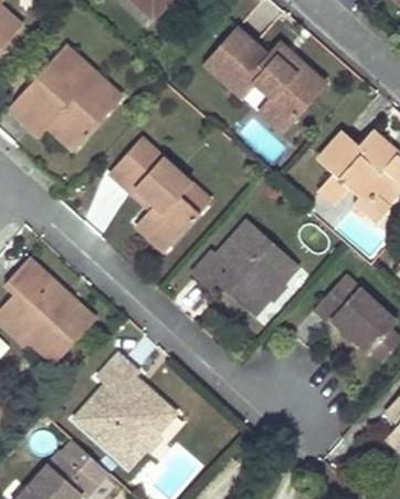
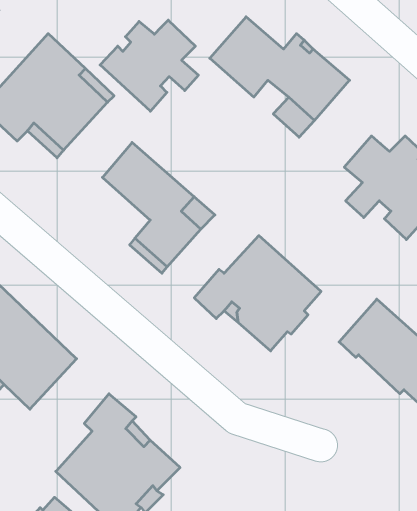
building: none -> [100,20,198,111]

